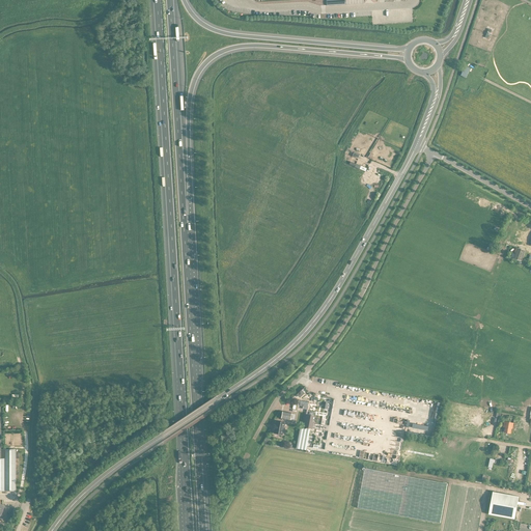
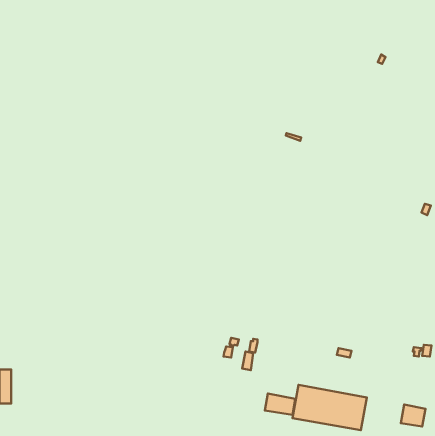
building: none -> [265,393,295,415]

